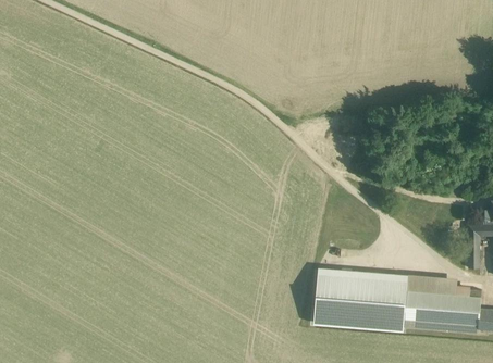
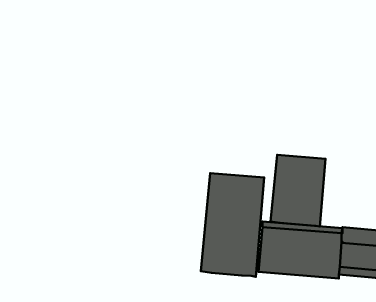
building: none -> [271,155,325,226]
building: none -> [201,173,264,277]

